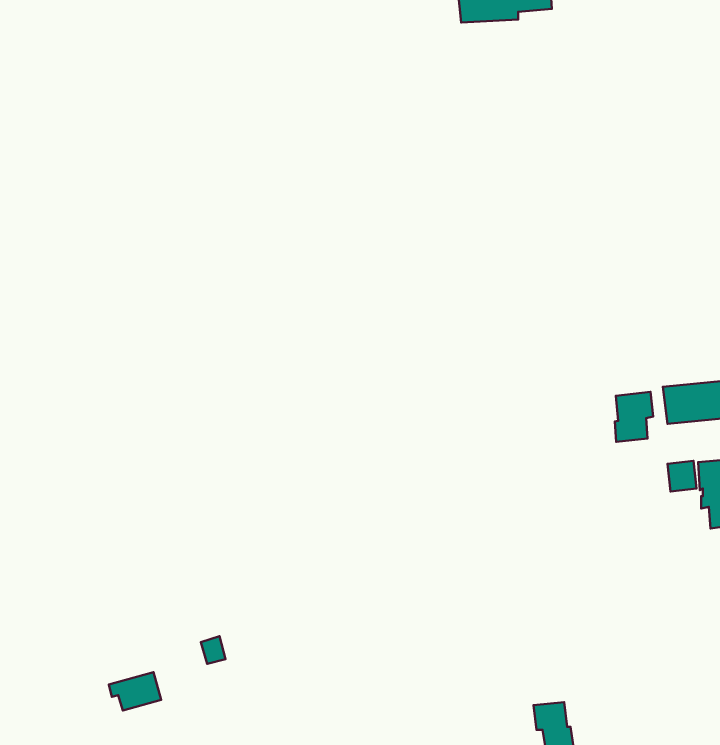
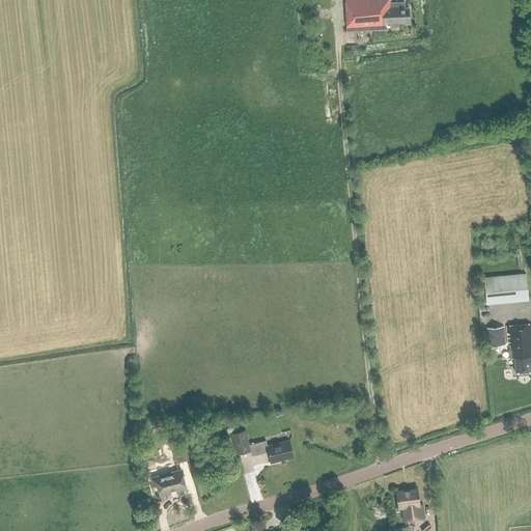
building: [615,392,653,442] -> none
building: none -> [232,430,294,463]
building: [109,672,161,711] -> [151,470,187,496]

